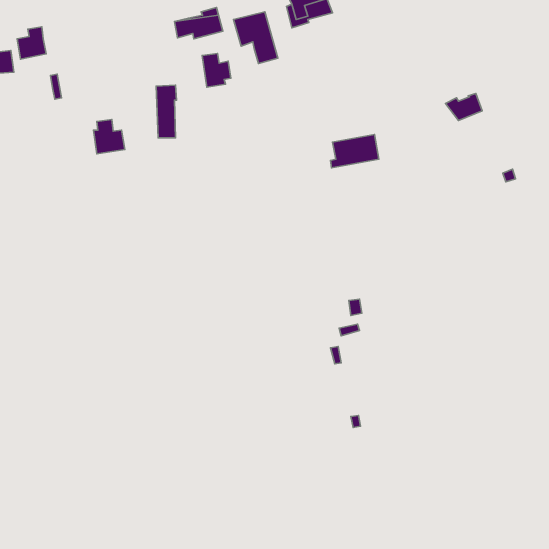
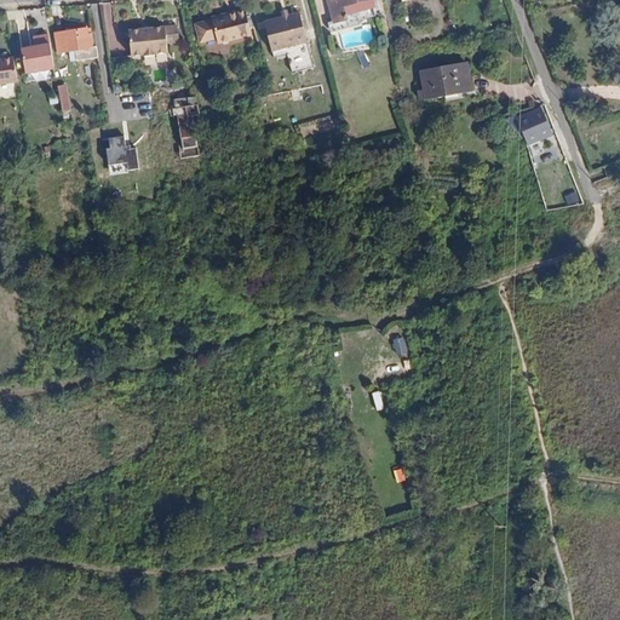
building: none -> [127,25,166,54]
building: none -> [53,27,92,52]
building: [202,53,231,87] -> none
building: [330,135,379,168] -> [417,62,471,99]

